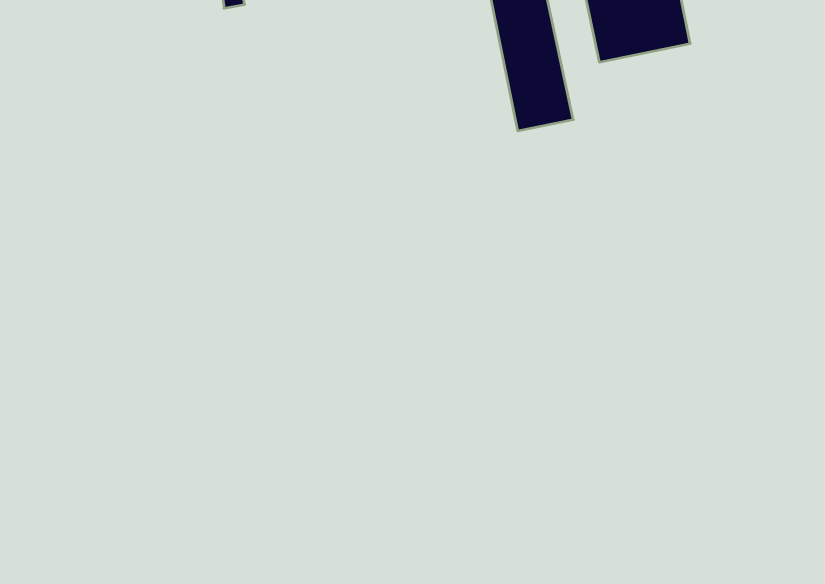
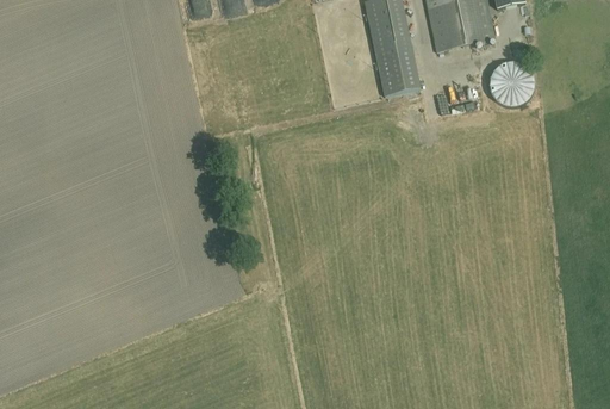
building: none -> [487,61,533,106]

